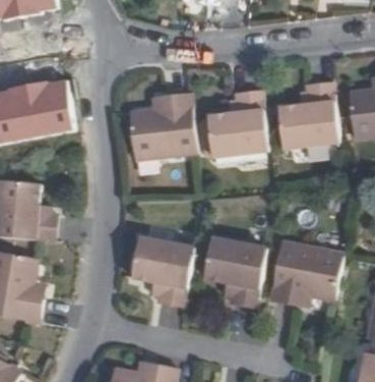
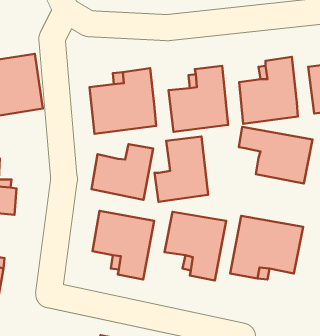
building: none -> [239,127,312,183]
building: none -> [155,136,208,202]
building: none -> [92,144,153,200]

